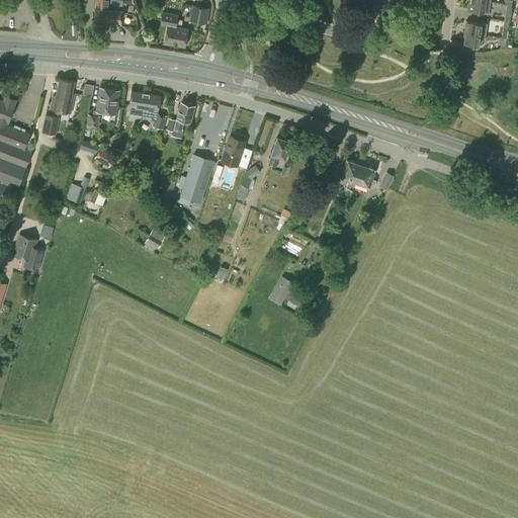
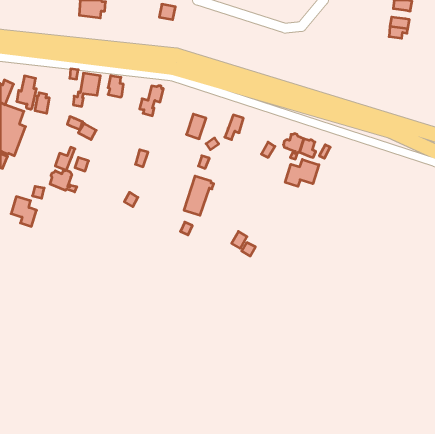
building: [161,12,187,47] -> none
building: [51,79,74,118] -> [17,76,36,109]
building: [143,93,167,131] -> none
building: [180,155,215,201] -> [184,176,214,215]
building: none -> [285,159,319,186]
building: none -> [50,170,77,192]

